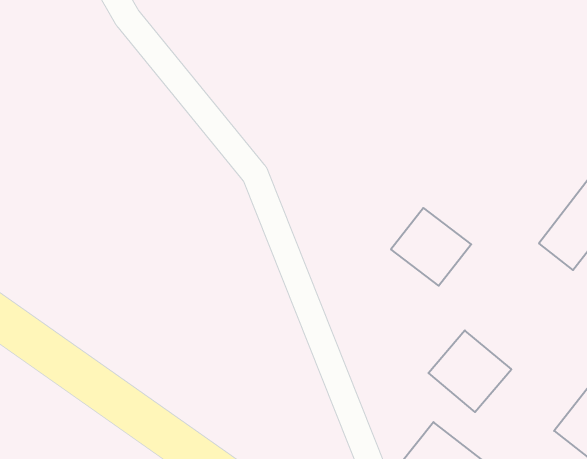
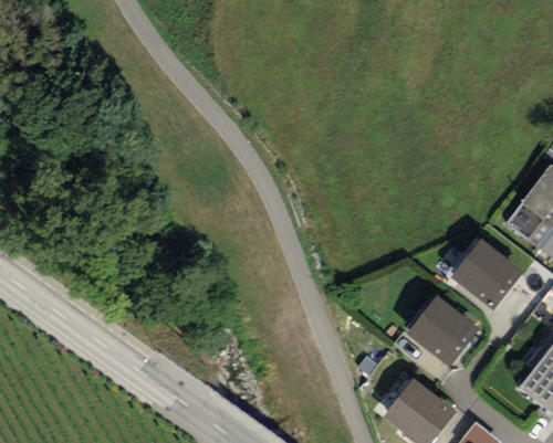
building: [391,208,471,286] -> [451,240,522,308]

